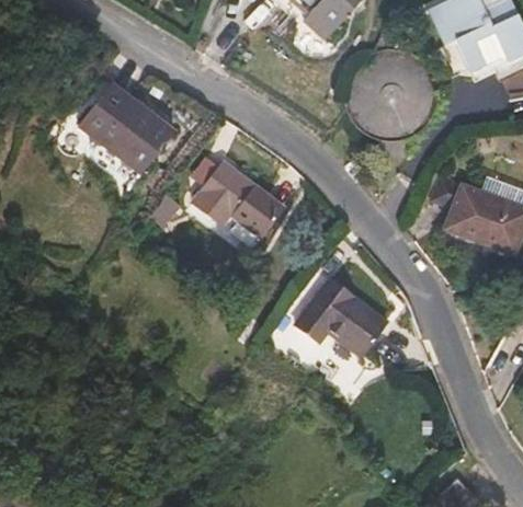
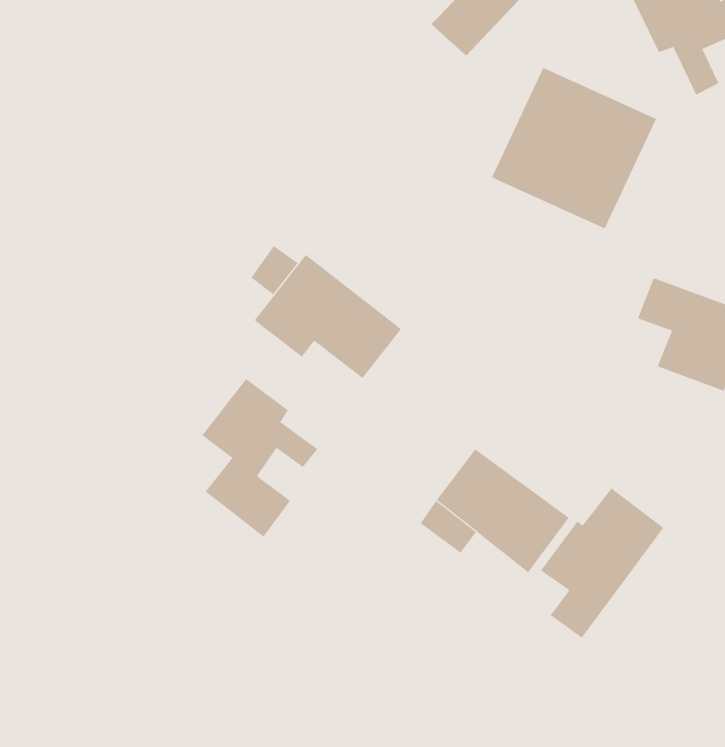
building: [78,81,174,174] -> none
building: none -> [201,378,318,537]
building: none -> [540,488,664,638]

